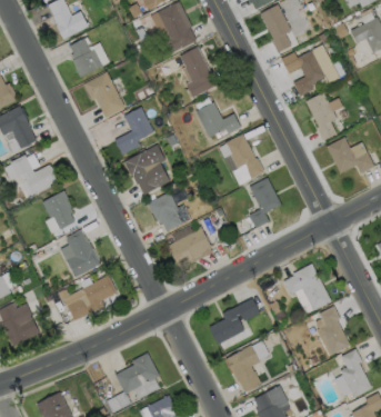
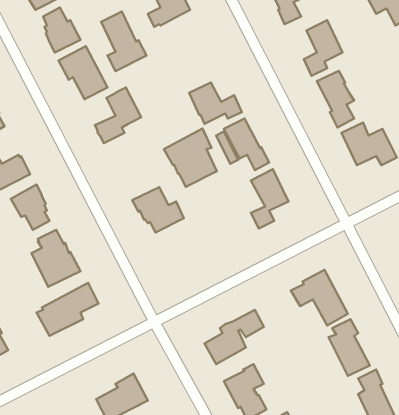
building: [180,47,219,98] -> [101,12,146,71]
building: [124,145,170,195] -> [164,129,217,187]
building: [169,226,213,269] -> none

